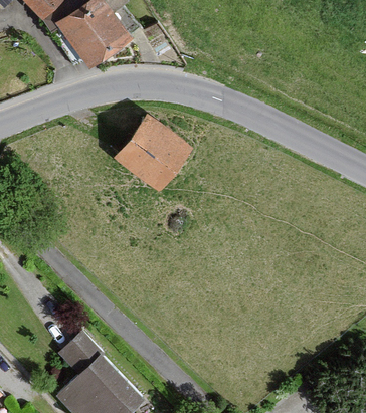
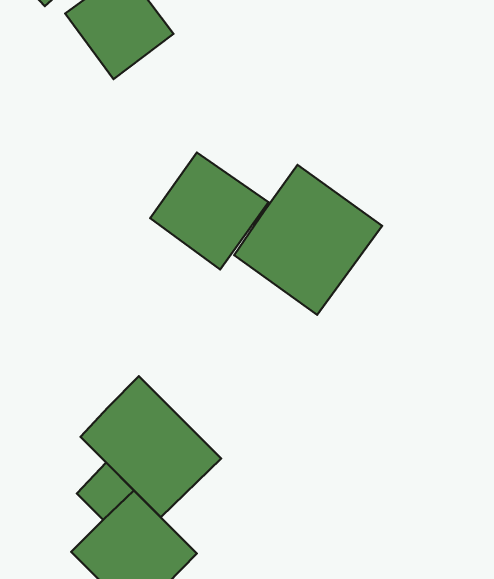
building: none -> [234,165,382,315]
building: none -> [80,376,221,517]

